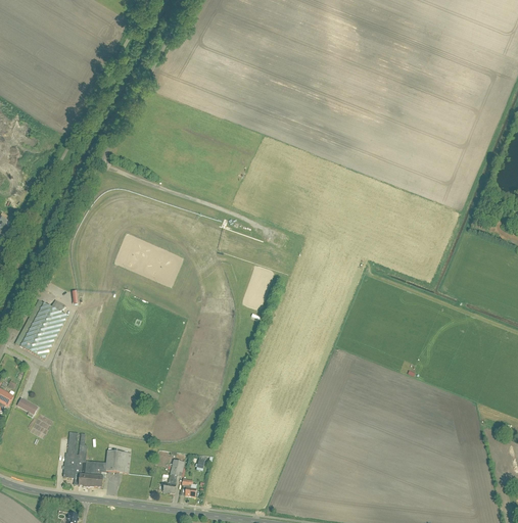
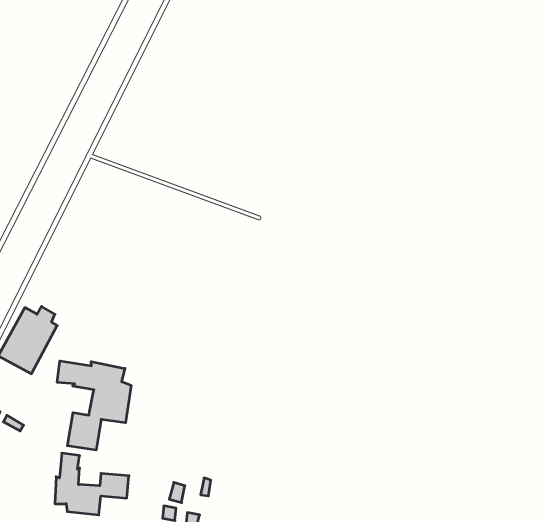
building: none -> [57,361,131,450]

